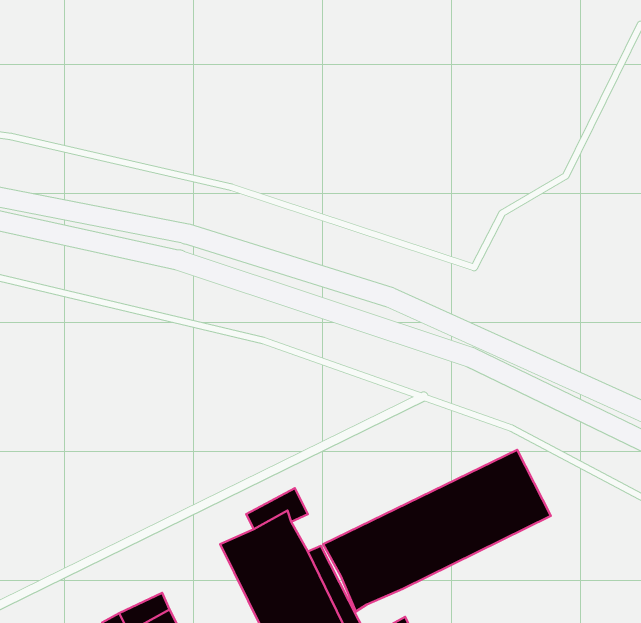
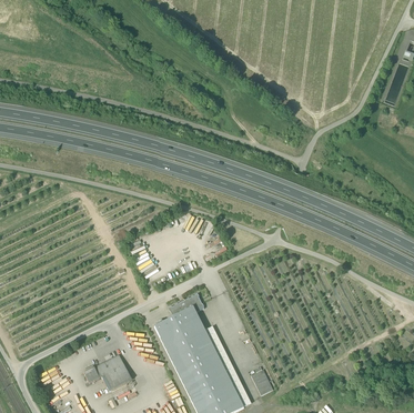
building: [323,450,551,612] -> none

